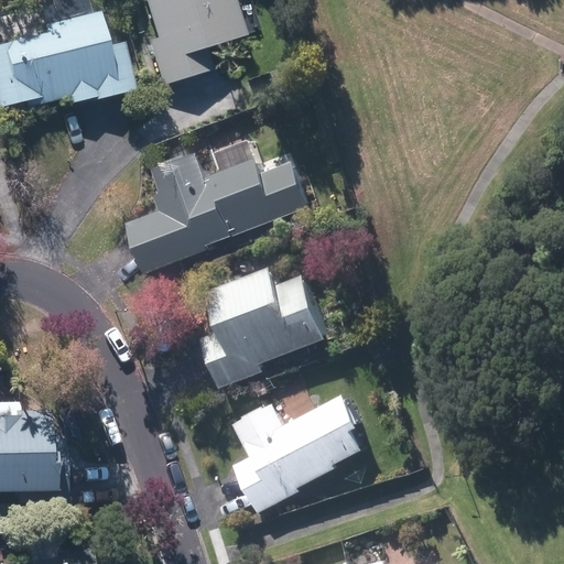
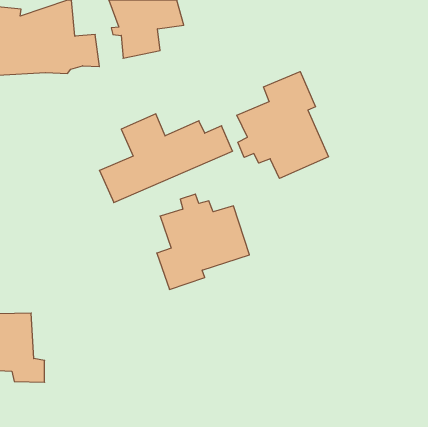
building: none -> [237,72,329,178]
building: [237,395,362,508] -> none

